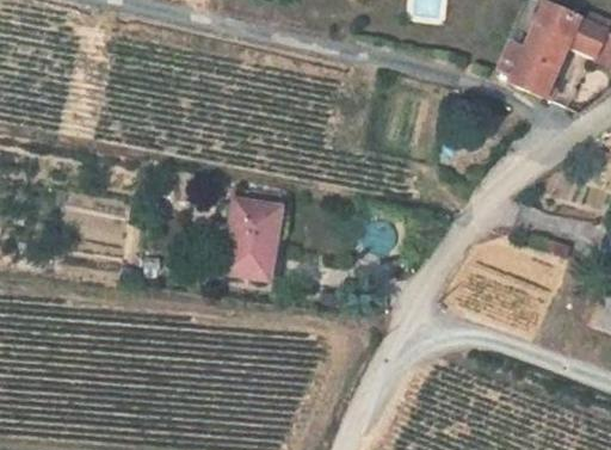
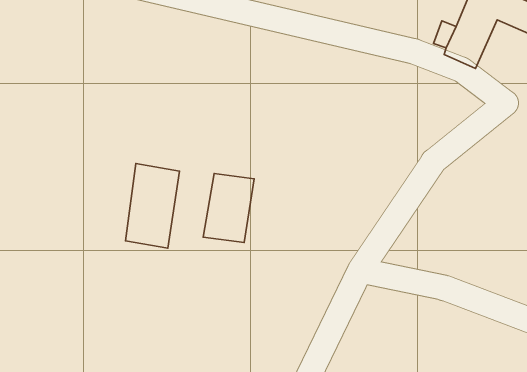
building: none -> [125,163,180,248]

